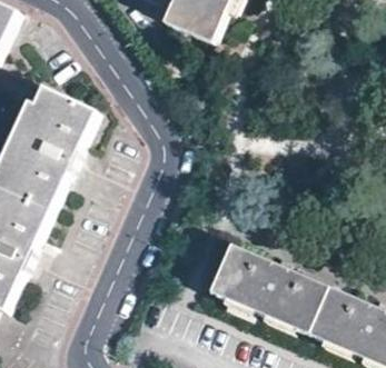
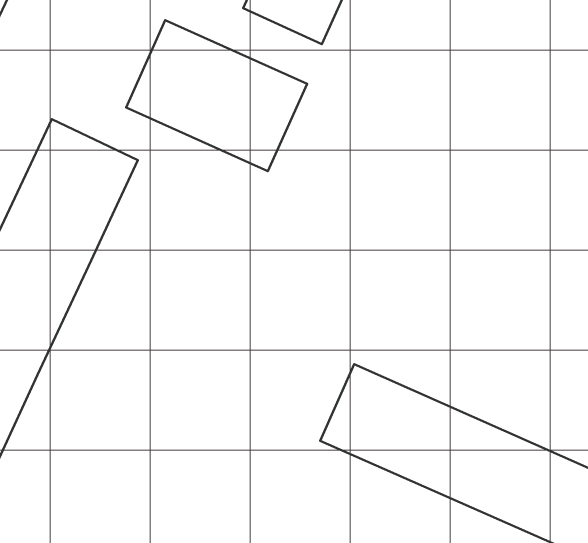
building: none -> [126,20,307,171]

